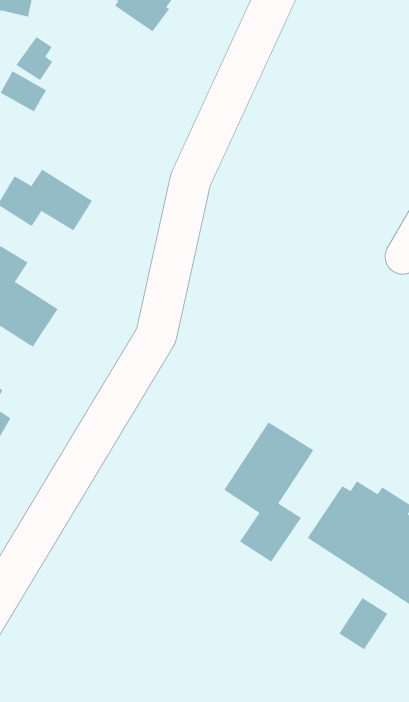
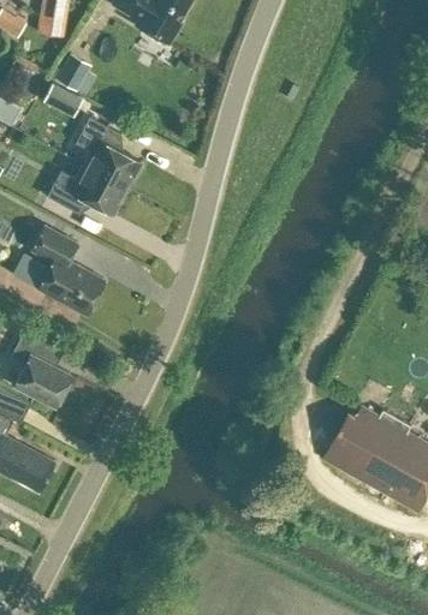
building: none -> [76,117,141,187]
building: [224,421,314,563] -> none
building: [339,597,388,650] -> none

